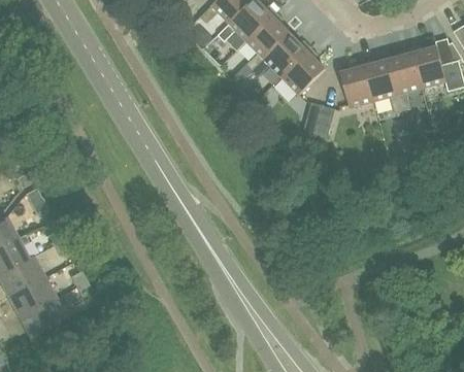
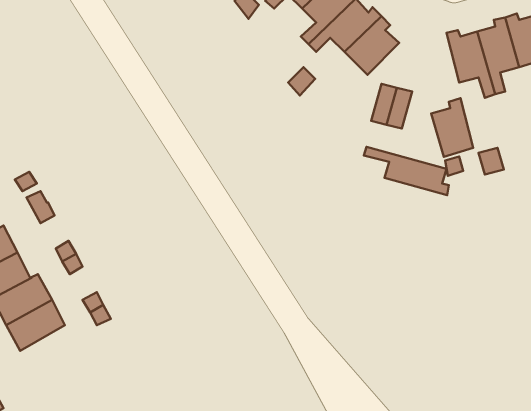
building: [340,60,374,107] -> [431,98,473,157]
building: none -> [364,147,449,195]
building: [20,296,68,337] -> none

